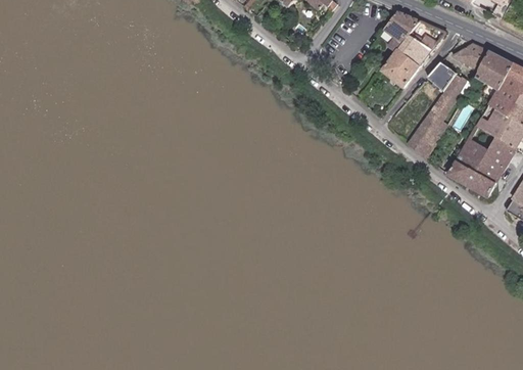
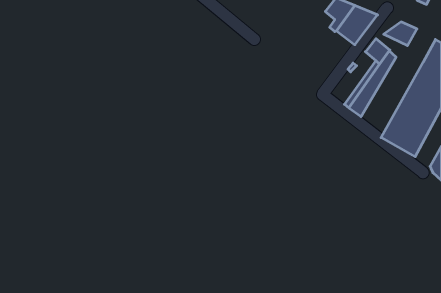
building: [477,48,513,87] -> none
building: [381,50,419,88] -> none

